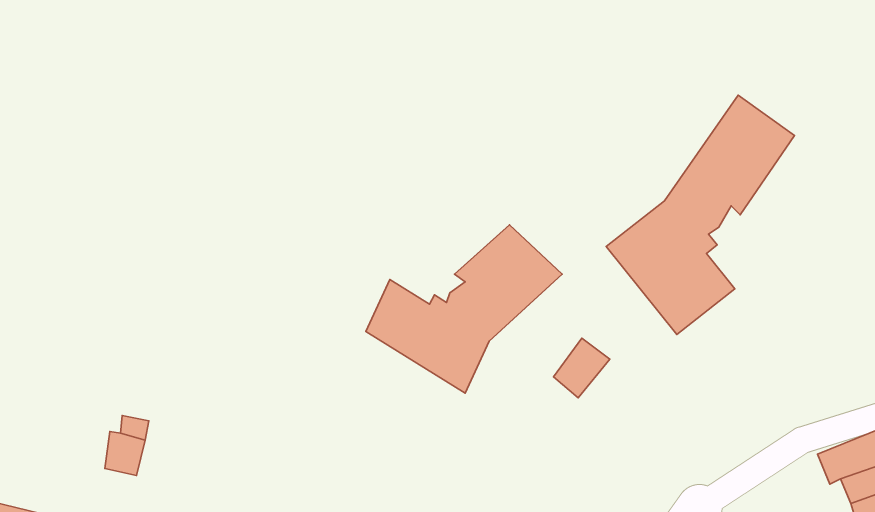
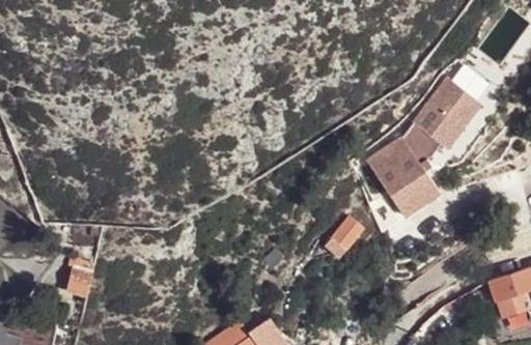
building: [366,225,562,393] -> none

